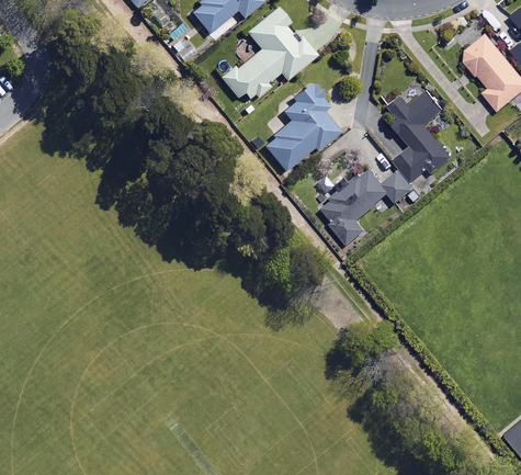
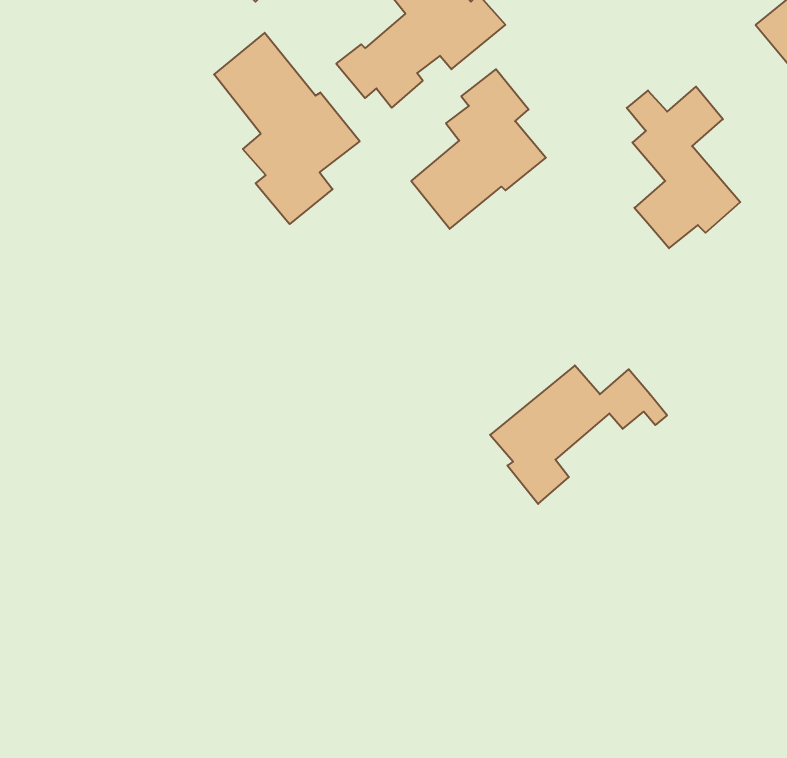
building: none -> [214,33,360,224]
building: [319,166,420,245] -> [490,365,667,504]

